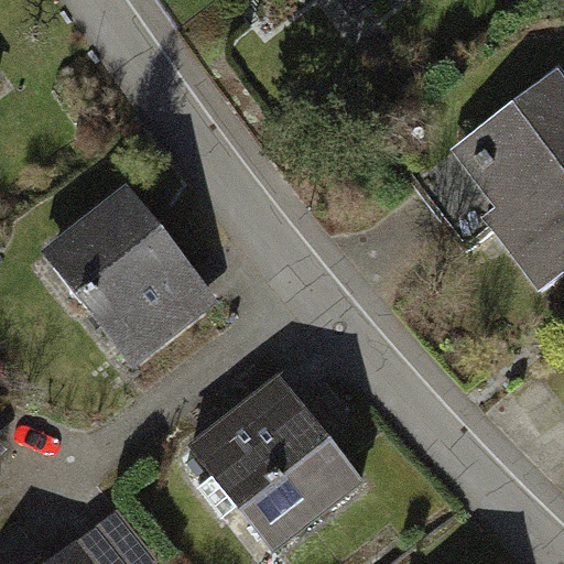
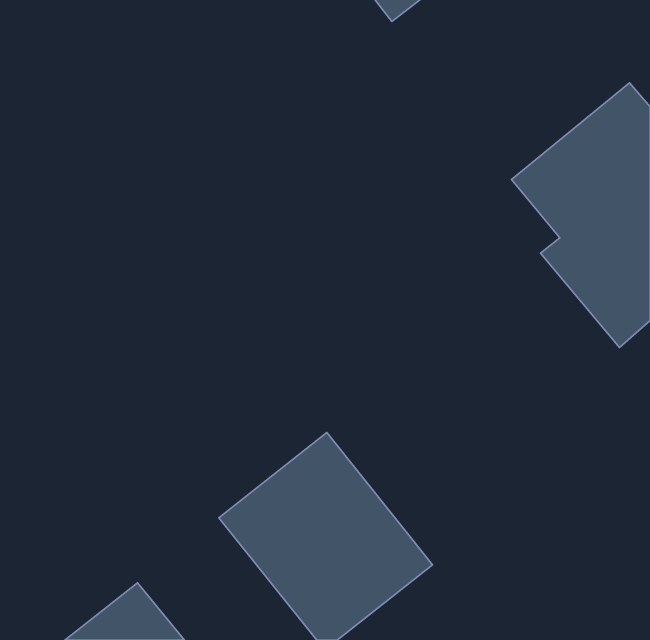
building: [47,183,221,364] -> none

